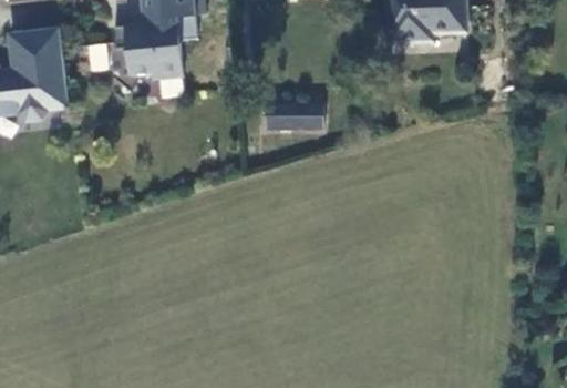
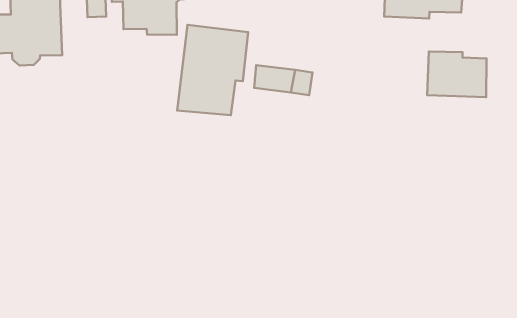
building: none -> [177,25,248,115]
building: none -> [427,51,486,97]

